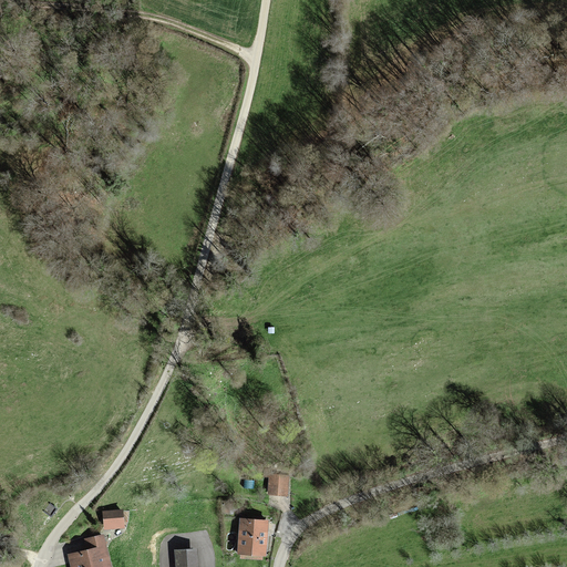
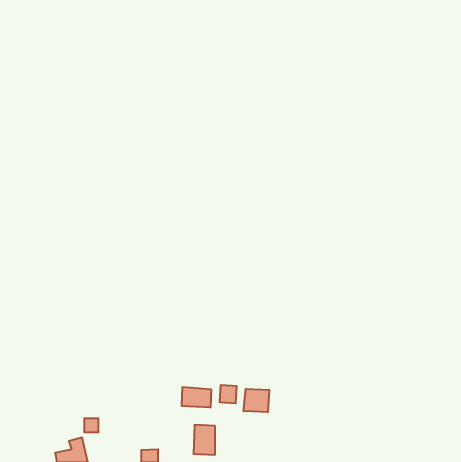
building: none -> [182,387,211,408]
building: none -> [244,389,269,412]

